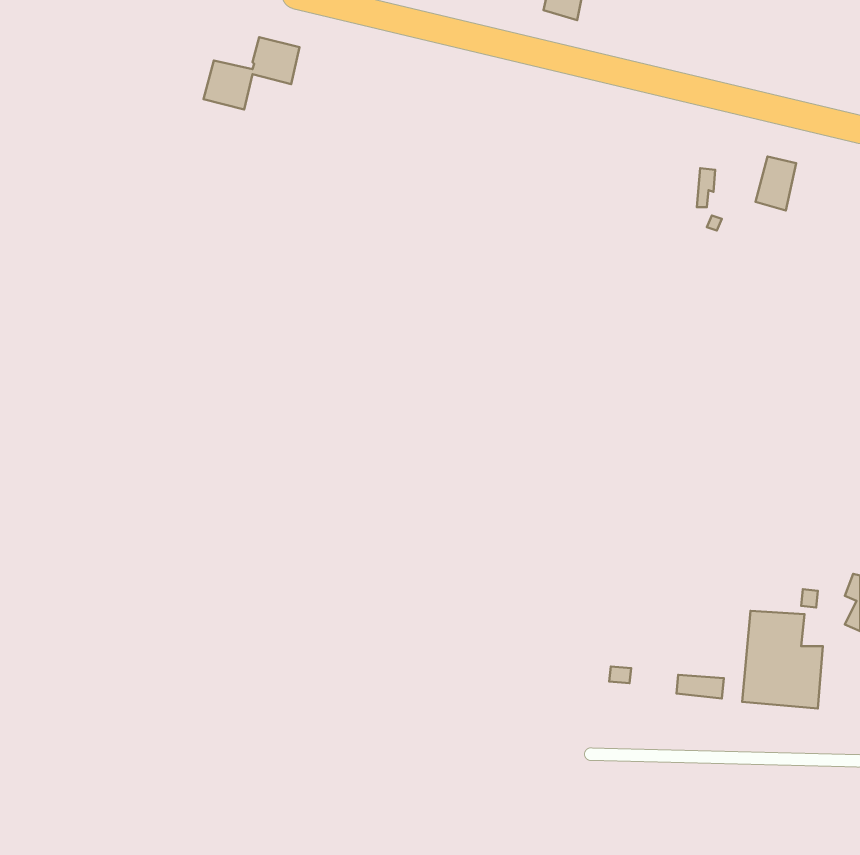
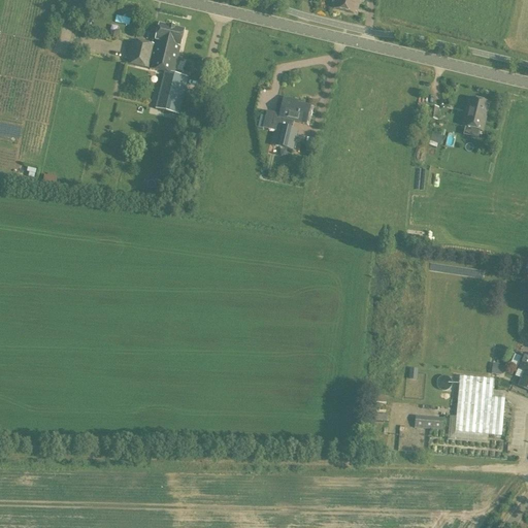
building: none -> [150,45,188,111]
building: none -> [271,96,309,147]

